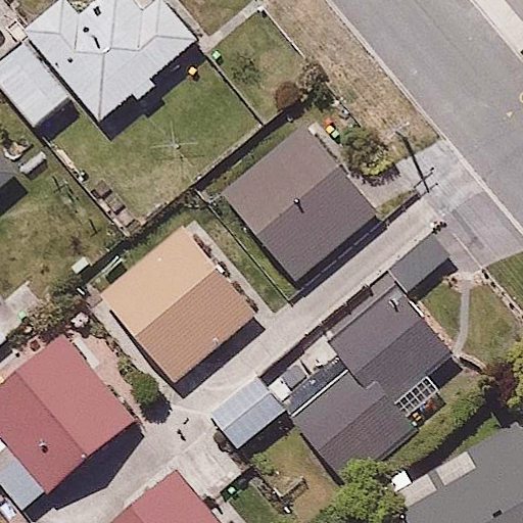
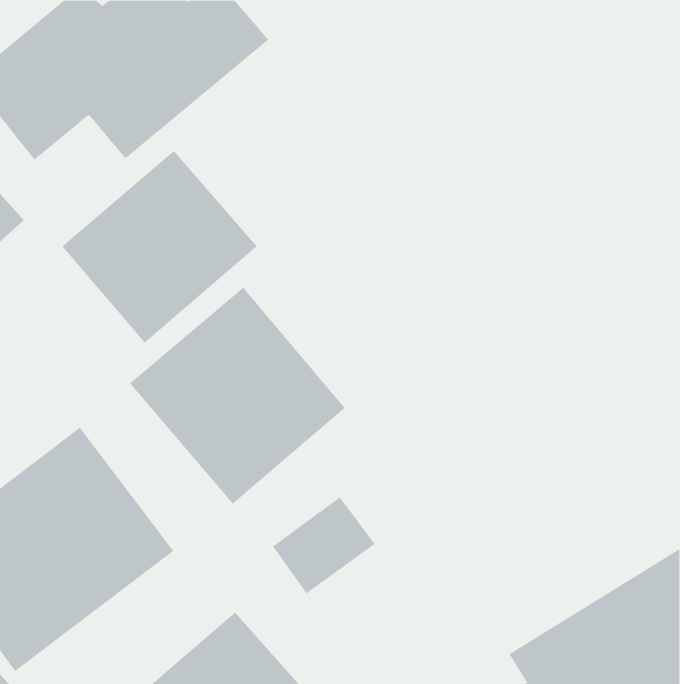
building: [217,117,382,282] -> none
building: none -> [62,150,257,344]
building: [289,279,453,494] -> none

